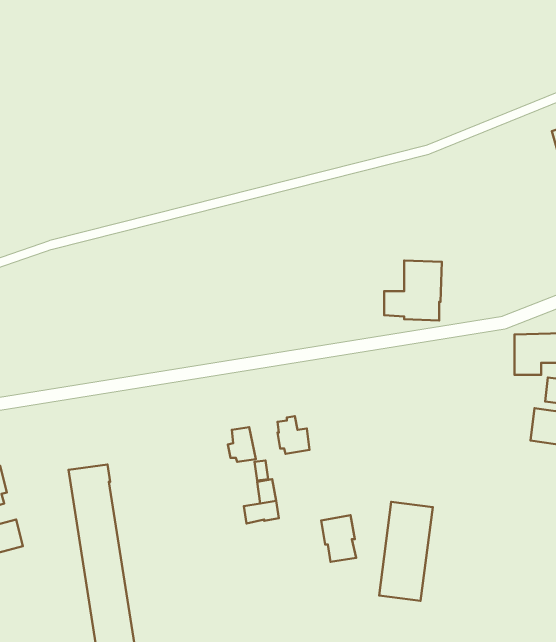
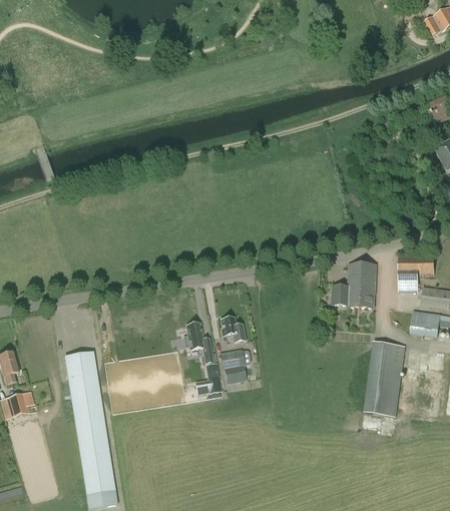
building: [384,260,442,321] -> [333,262,376,307]
building: [379,502,433,601] -> [365,341,405,415]
building: [321,515,356,562] -> [219,348,246,383]

